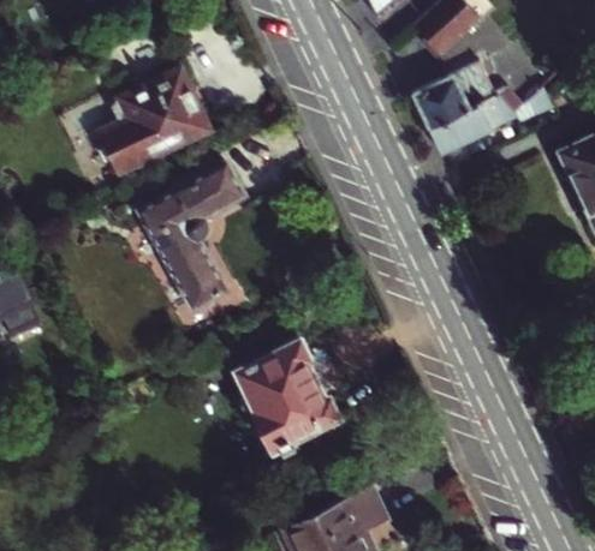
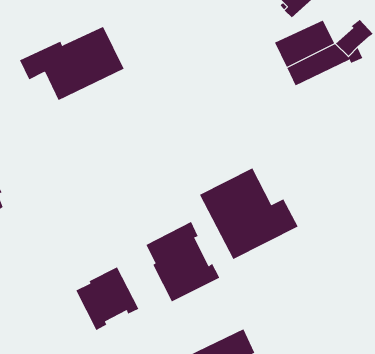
building: [141,167,244,307] -> none
building: none -> [199,167,299,260]
building: none -> [76,266,139,331]

